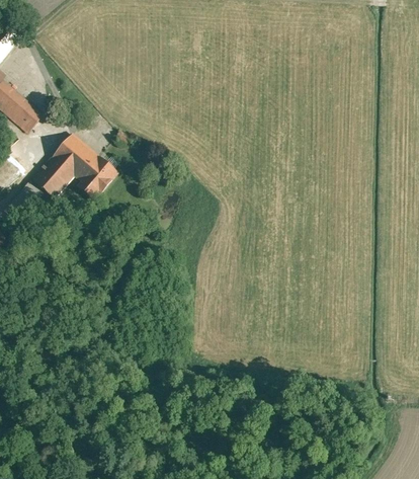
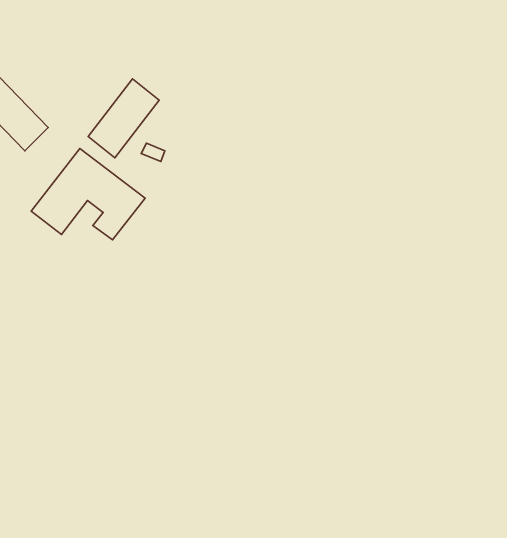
building: none -> [88,79,159,158]

